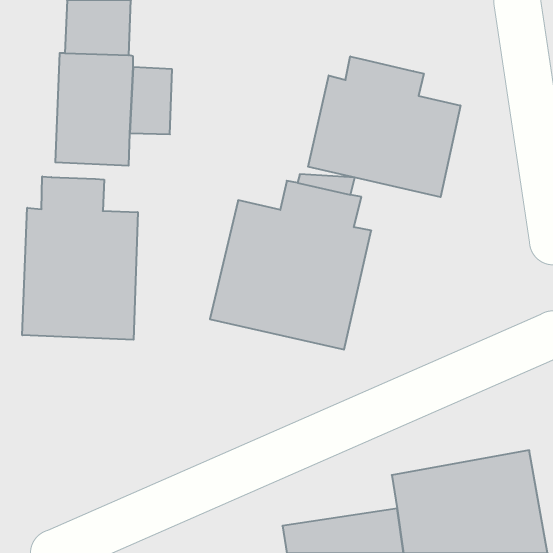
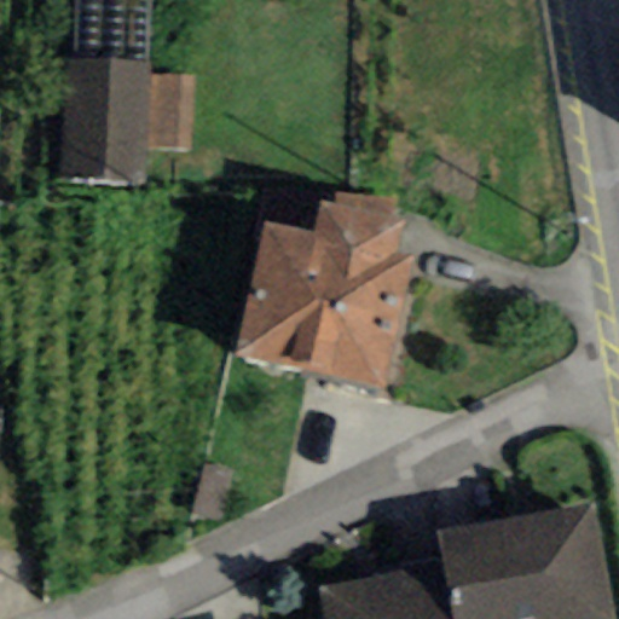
building: [308,56,460,197] -> none
building: [22,176,138,340] -> none

